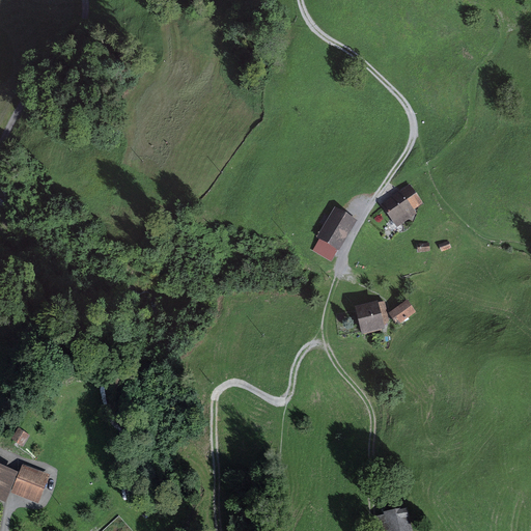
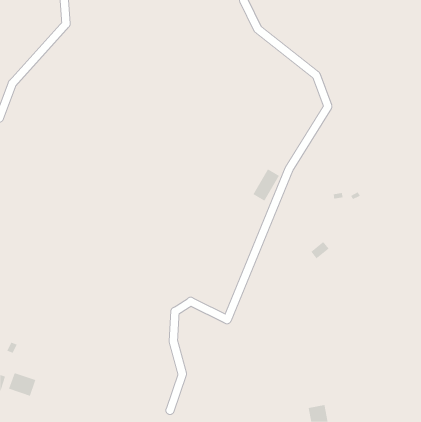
building: [383,187,421,222] -> none
building: [356,306,381,335] -> none

